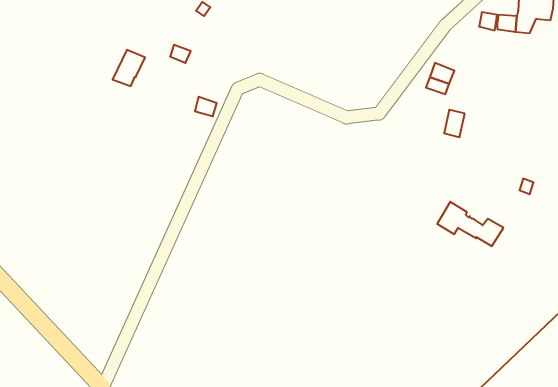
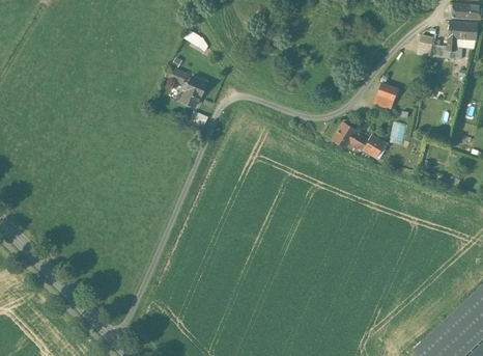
building: [113,50,145,86] -> [181,77,207,106]
building: [437,202,503,246] -> [333,121,386,157]

